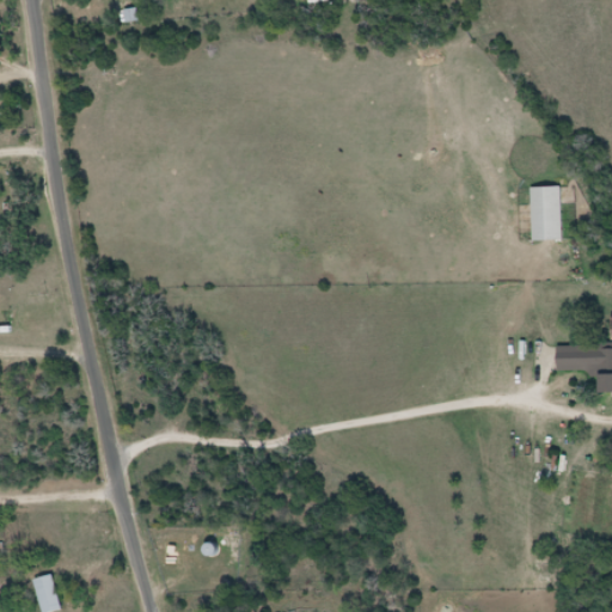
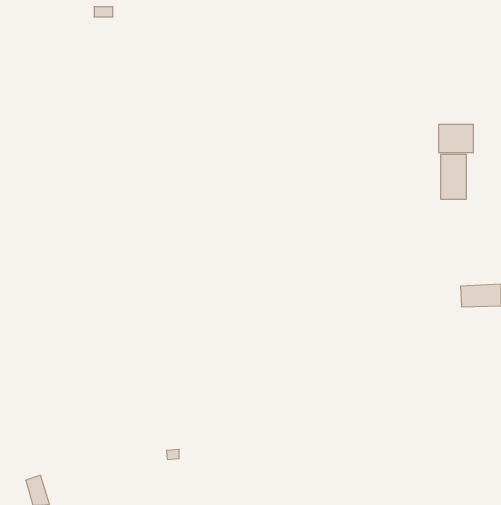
building: none -> [439,124,473,153]

